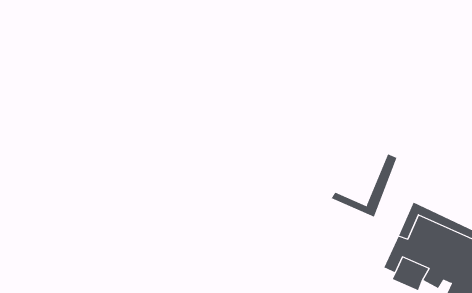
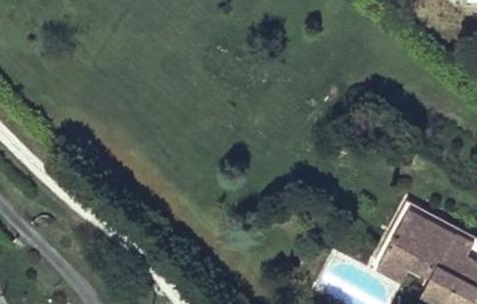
building: [331,153,397,218] -> none

